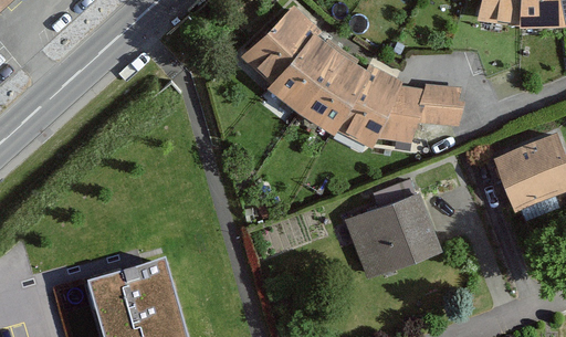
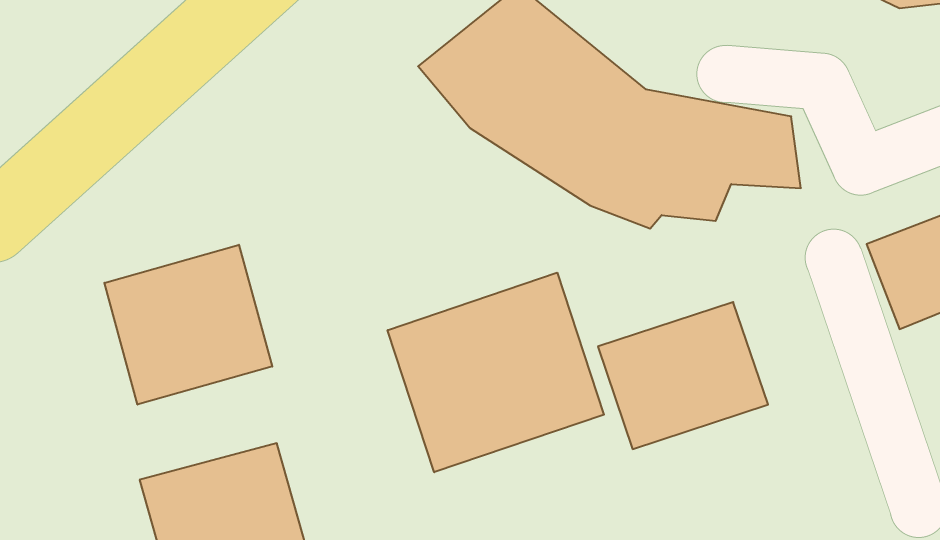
building: none -> [104,245,272,405]
building: none -> [388,273,604,472]

